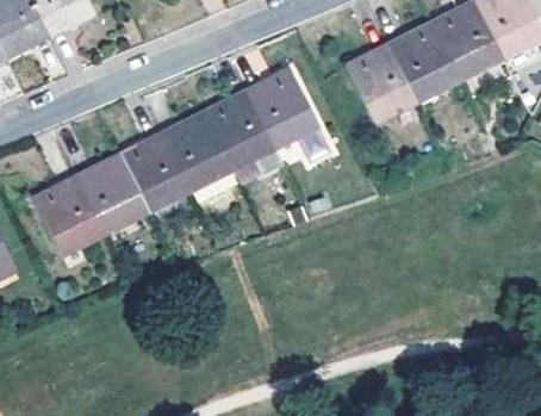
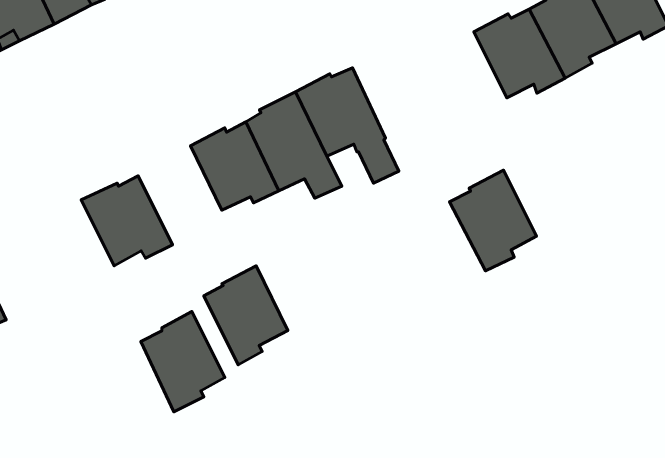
building: [344,42,413,122] -> [450,170,536,271]
building: [120,132,187,211] -> [204,266,288,365]
building: [35,175,101,255] -> [141,311,225,412]

